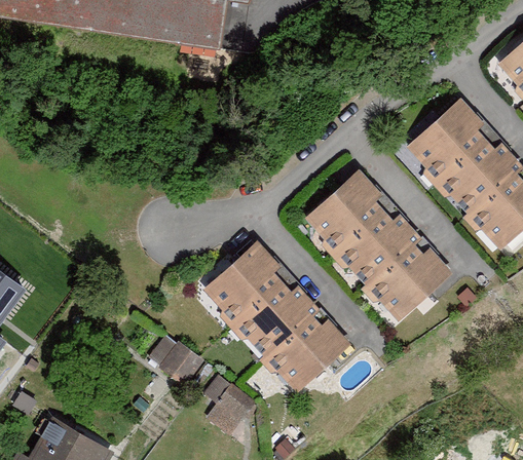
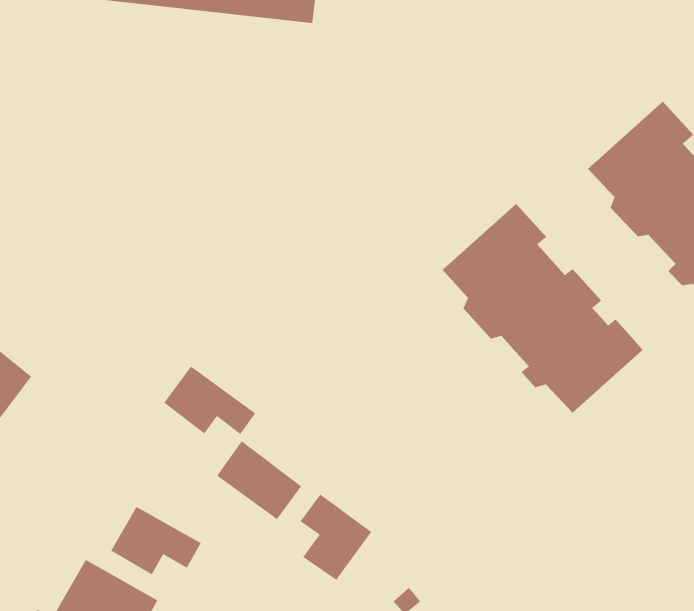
building: [204,242,343,388] -> none
building: none -> [163,365,256,435]
building: none -> [110,506,202,576]

